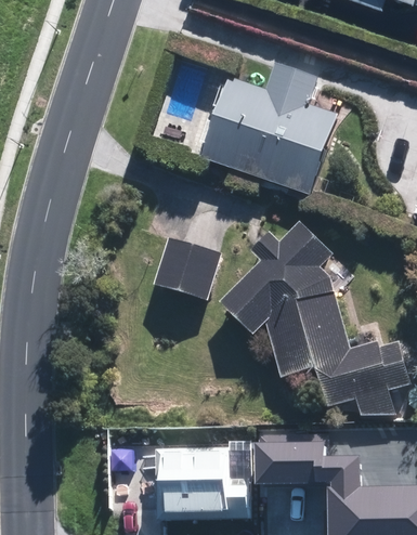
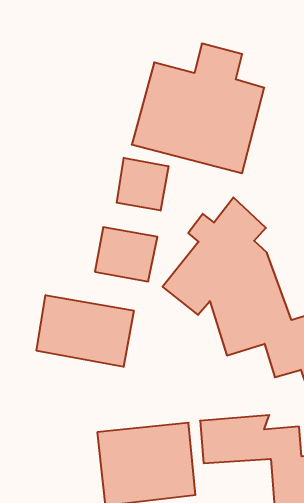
building: none -> [117,158,168,211]
building: none -> [37,295,134,367]

